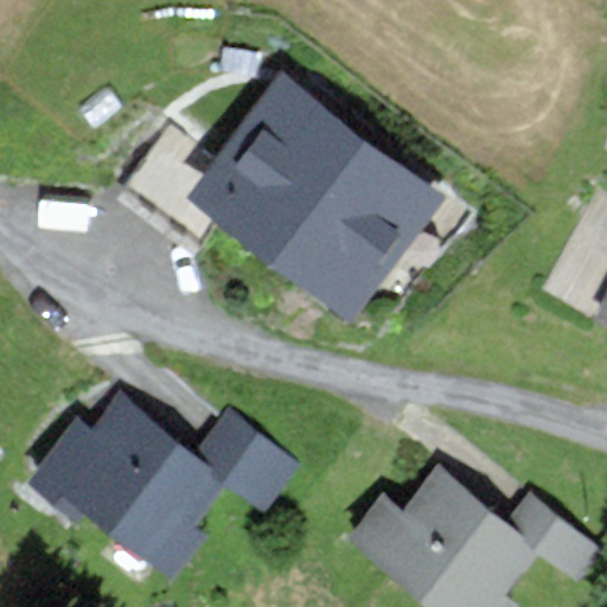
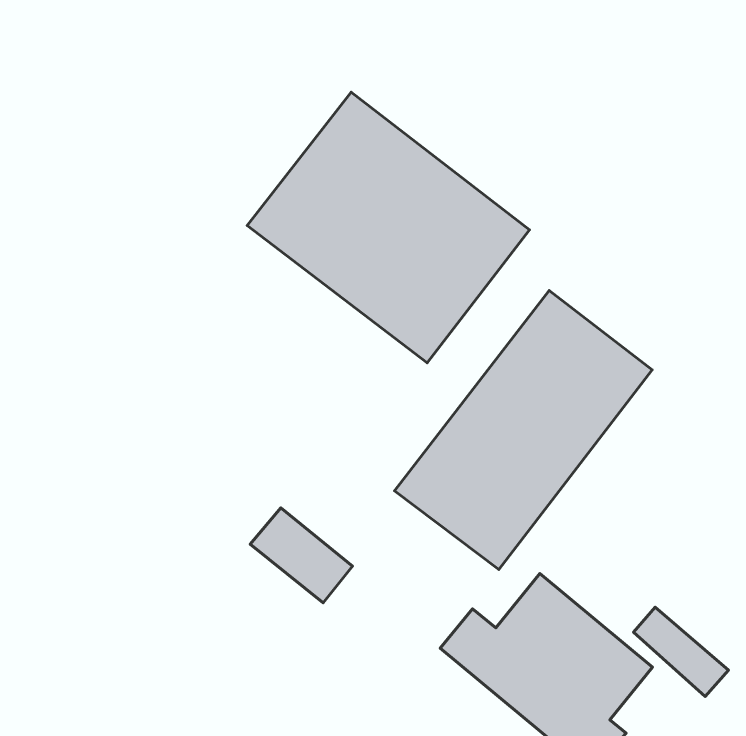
building: none -> [394,291,652,570]
building: [40,401,222,575] -> none

